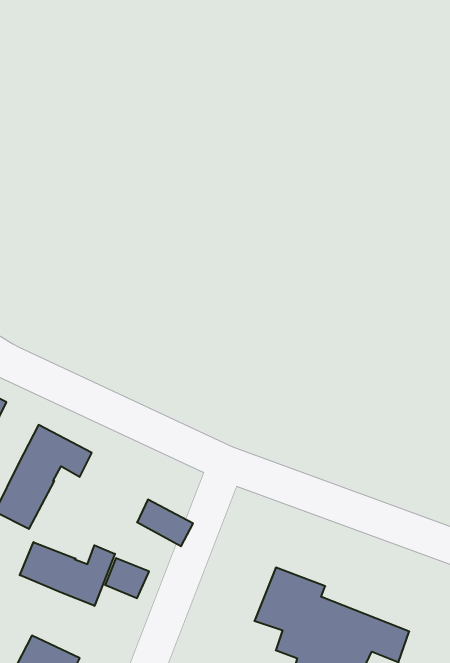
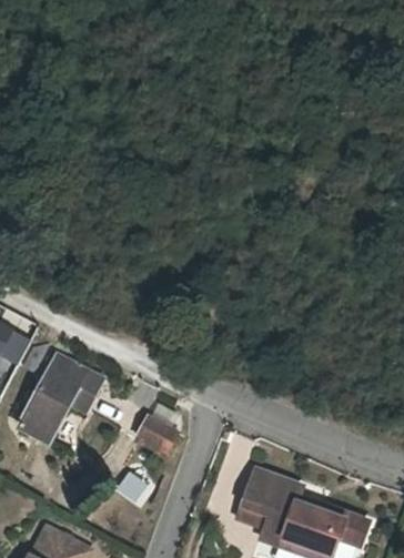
building: [20,542,115,606] -> none

